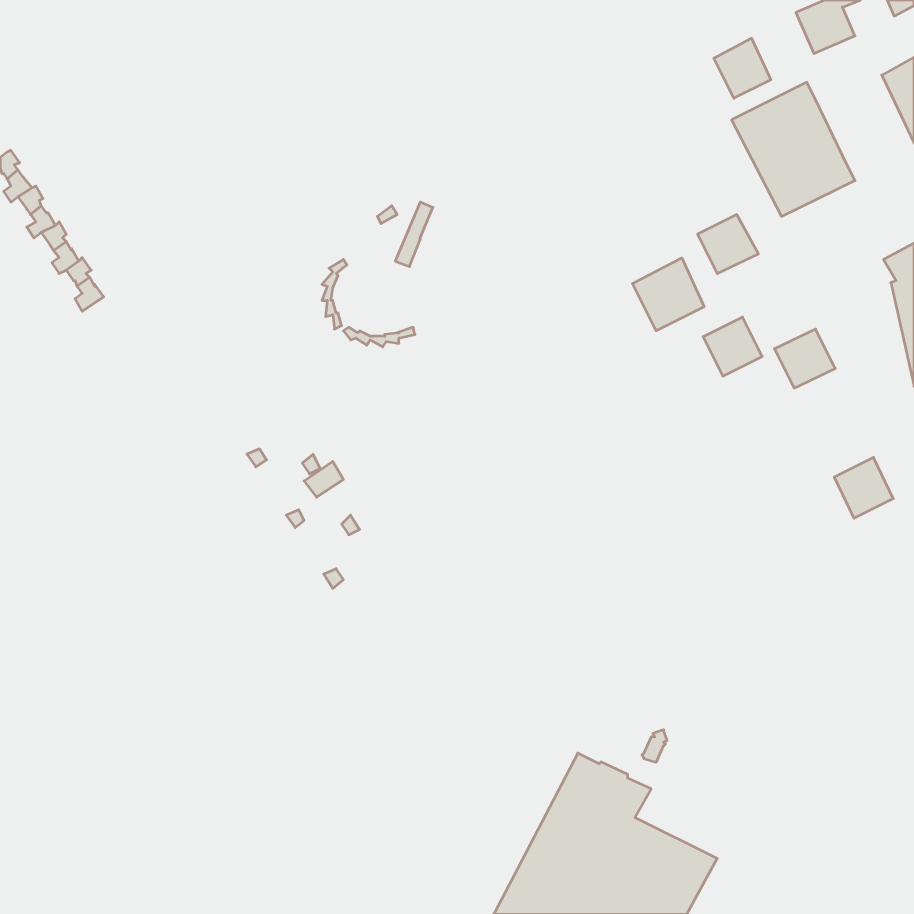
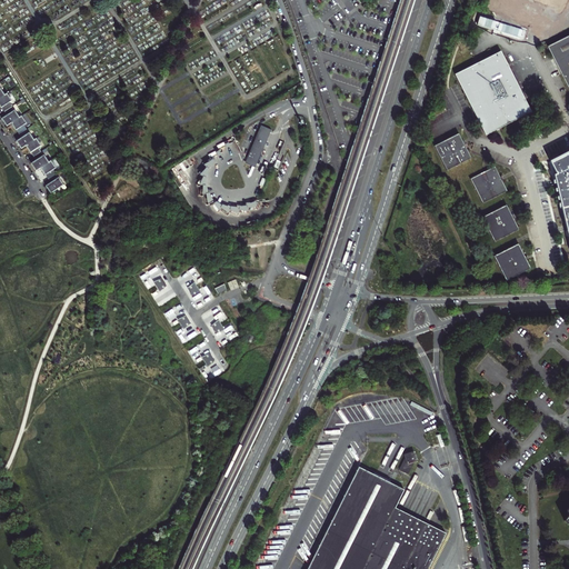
building: [714,38,771,98] -> none
building: [632,258,704,331] -> none
building: [703,317,762,376] -> [470,166,507,202]
building: [834,457,893,518] -> [493,243,530,281]

